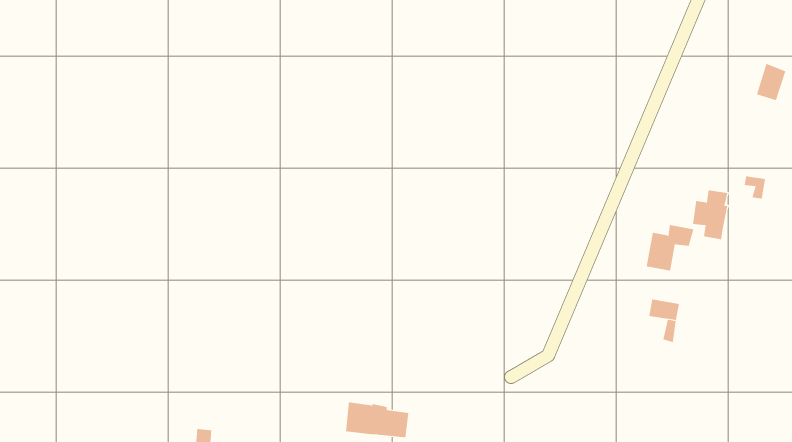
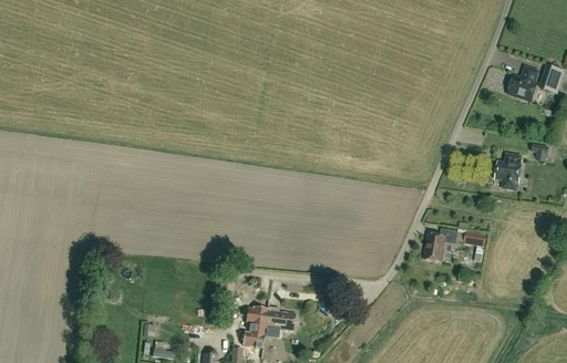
building: none -> [508,68,537,102]
building: [646,224,694,271] -> [424,229,458,262]

